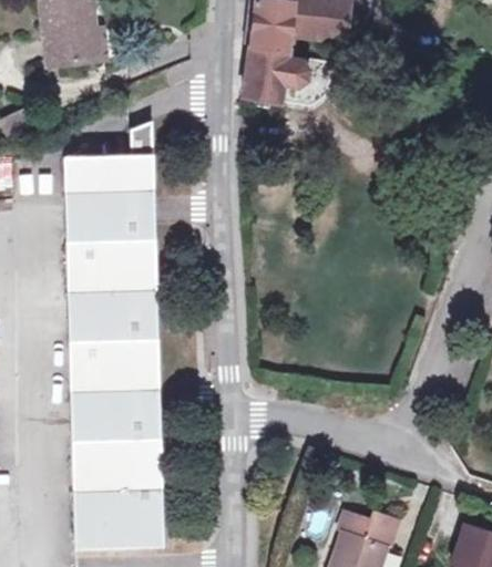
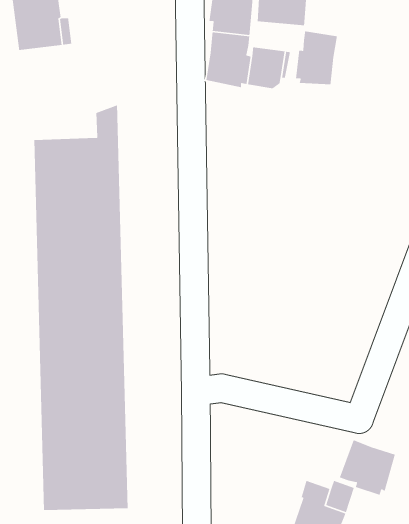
building: none -> [295,31,338,85]
building: none -> [339,439,396,496]

